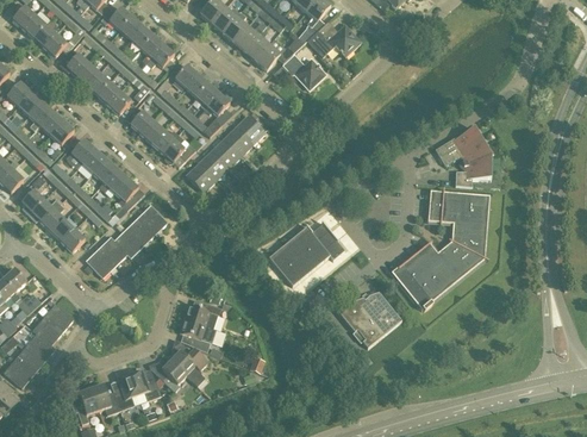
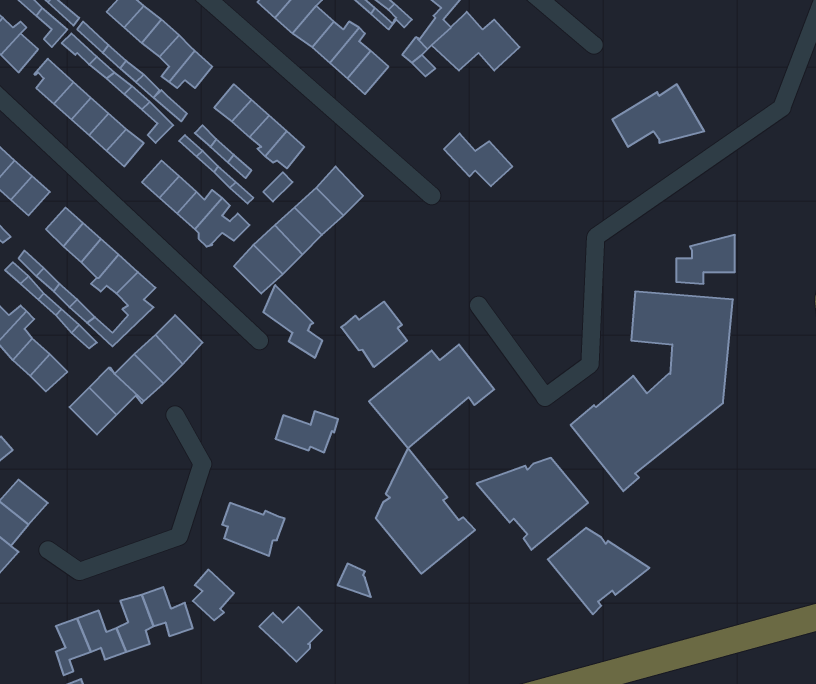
building: [283,54,325,86] -> [444,133,512,186]
building: [435,126,491,164] -> [612,84,704,147]
building: none -> [263,285,322,358]
building: none -> [341,302,407,367]
building: none -> [376,448,475,574]
building: [183,301,221,326] -> [275,411,338,452]
building: none -> [548,528,649,614]
building: [170,347,208,380] -> [259,607,322,662]

